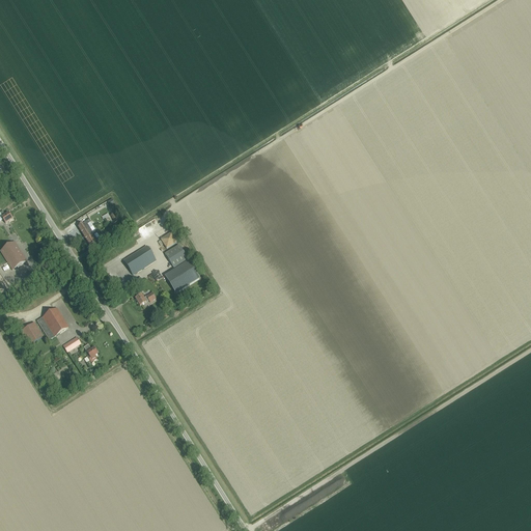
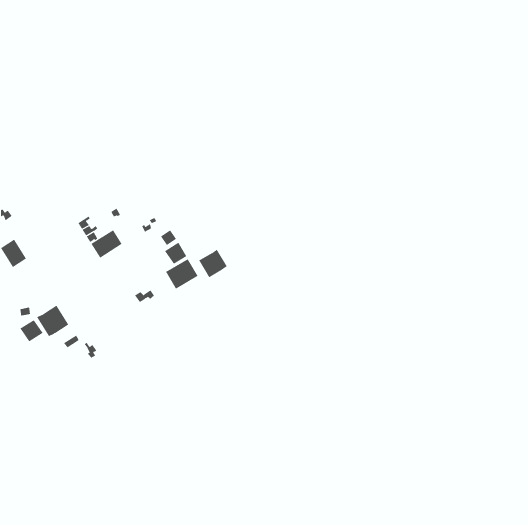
building: [123,244,156,273] -> [91,229,123,258]
building: none -> [198,249,227,278]

